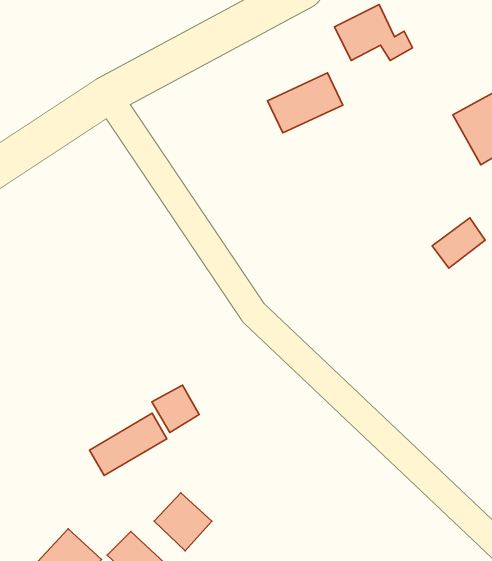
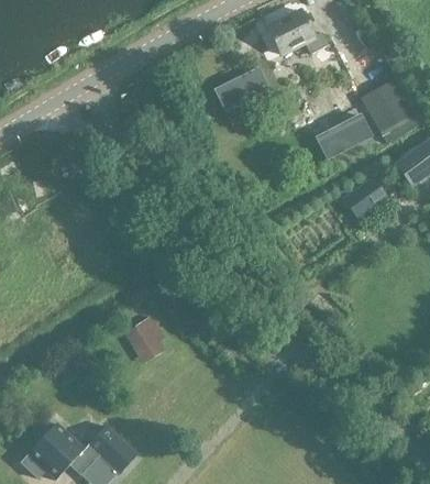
building: none -> [316,113,373,160]
building: [90,413,167,476] -> none
building: [154,493,212,551] -> none

